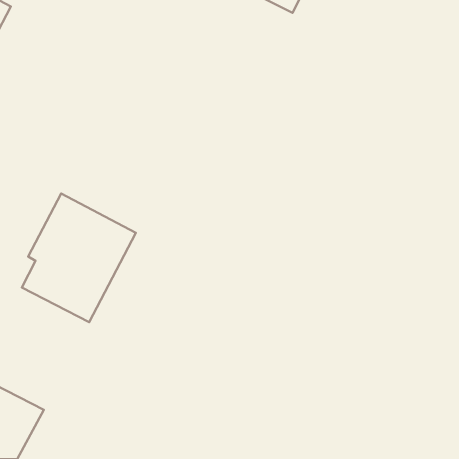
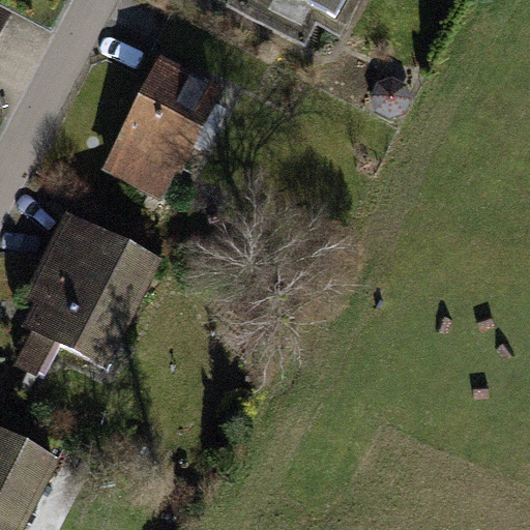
building: none -> [102,57,220,195]

